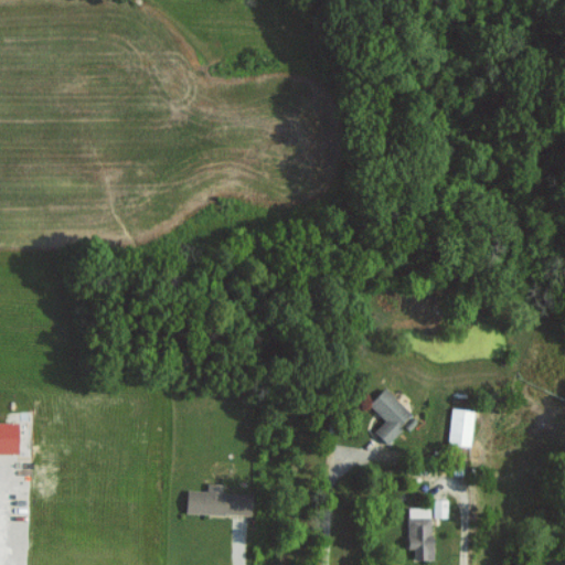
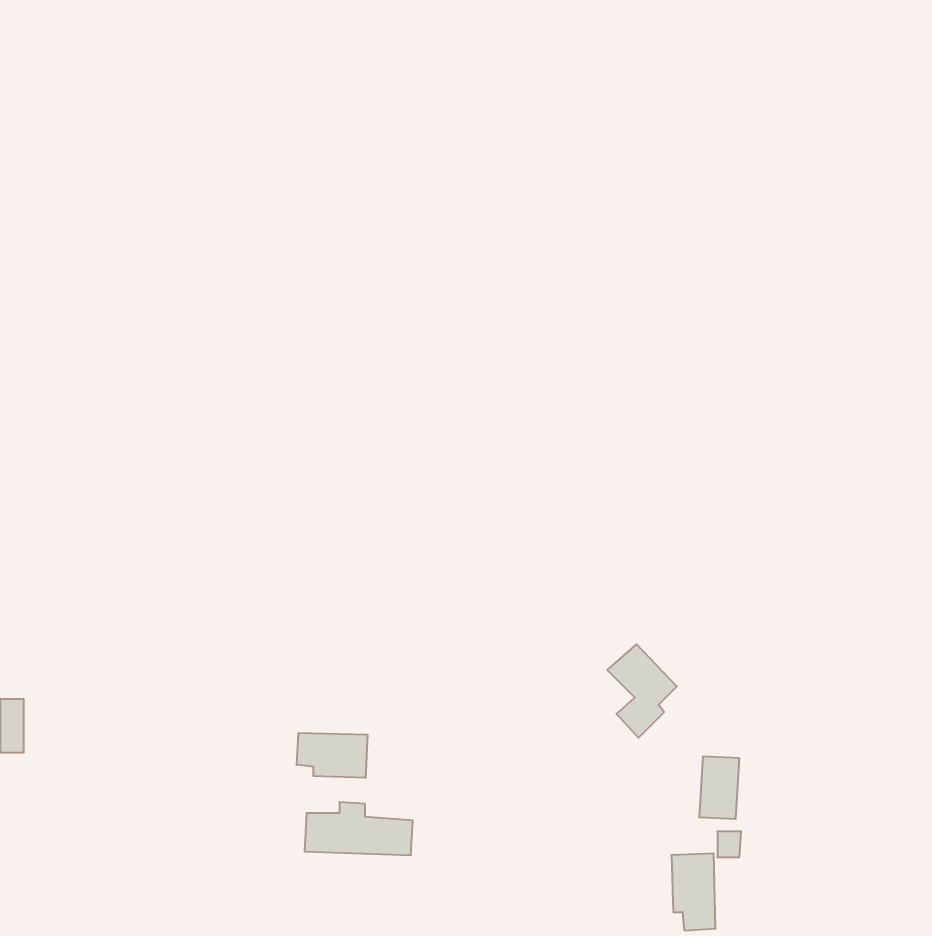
building: [449,408,473,446] -> [699,756,739,819]
building: none -> [297,733,367,778]

